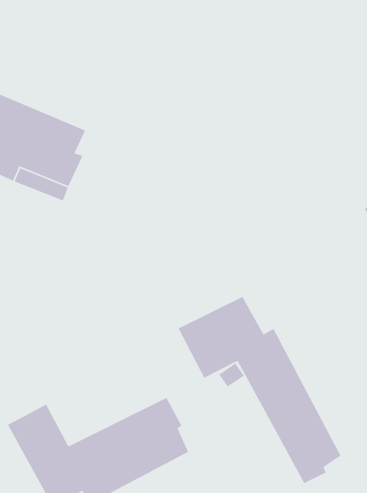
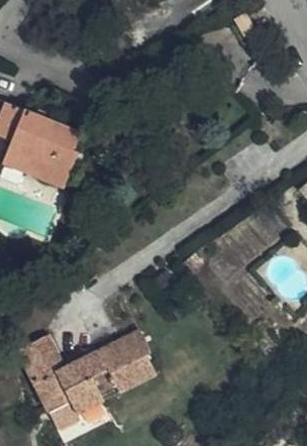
building: [177,296,341,484] -> none

